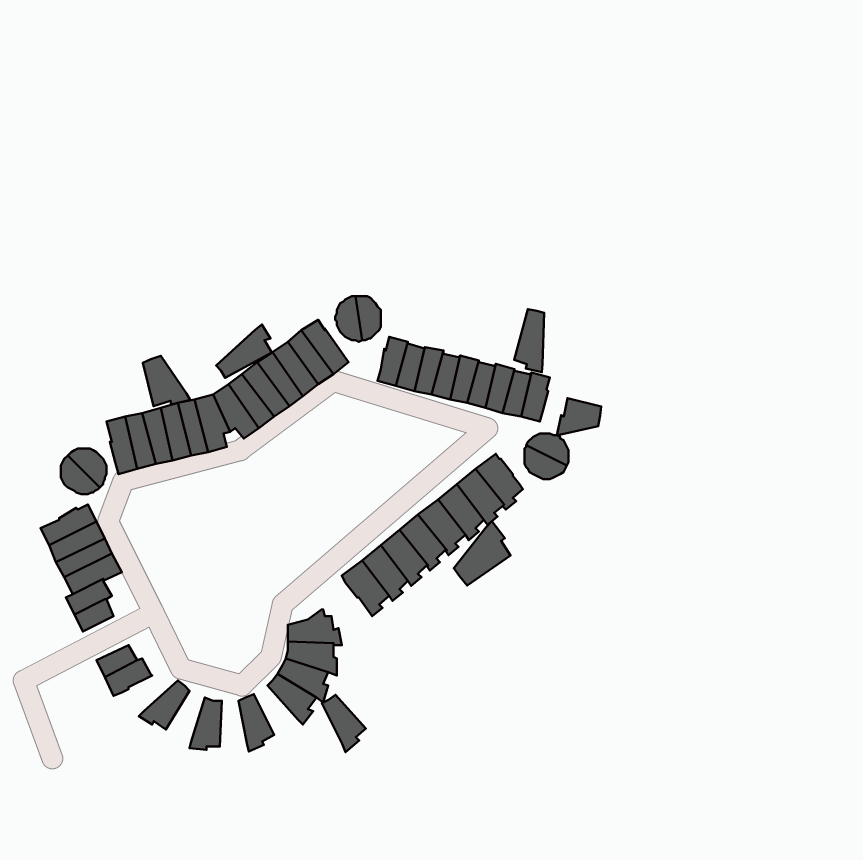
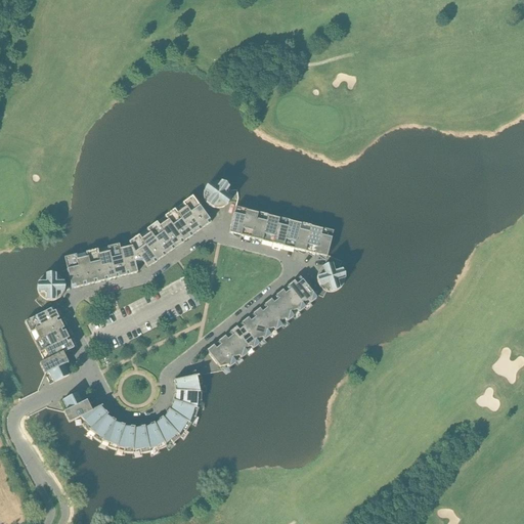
building: [514,309,544,372] -> none
building: [216,324,272,378] -> none
building: [143,356,190,406] -> none
building: [557,398,601,435] -> none
building: [454,521,510,585] -> none
building: none -> [75,402,108,430]
building: none -> [98,418,125,448]
building: [322,695,366,752] -> [155,414,181,449]
building: none -> [133,424,150,455]

